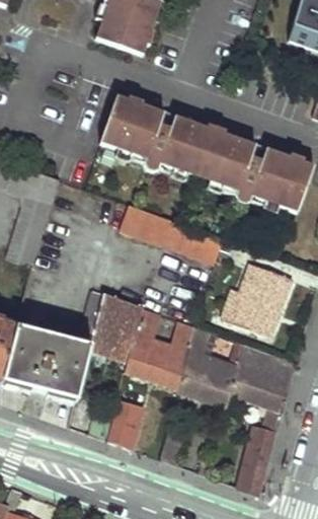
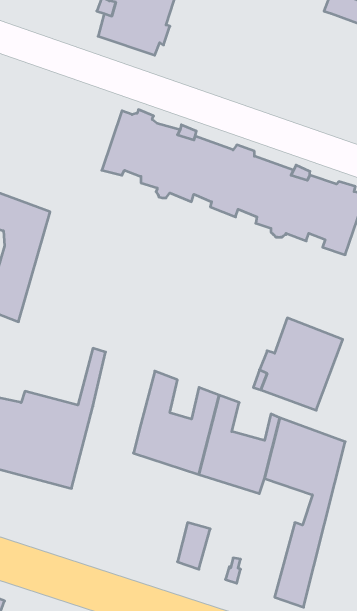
building: [118,205,222,267] -> none
building: [92,292,142,350] -> none
building: [107,402,141,449] -> none

